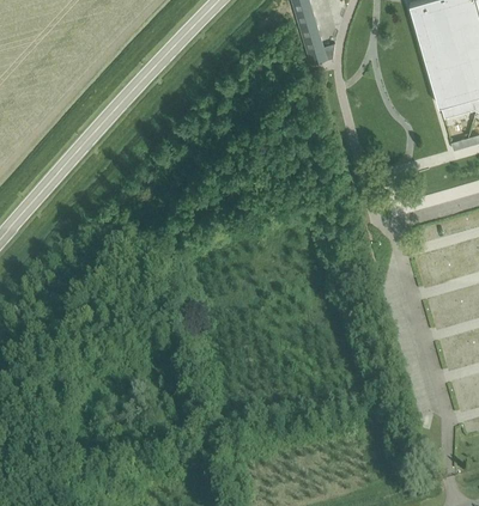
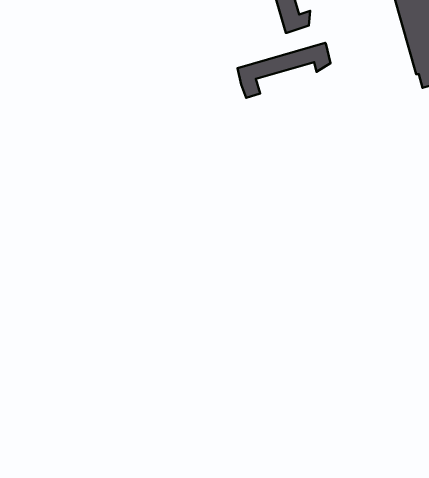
building: none -> [237,43,330,98]

